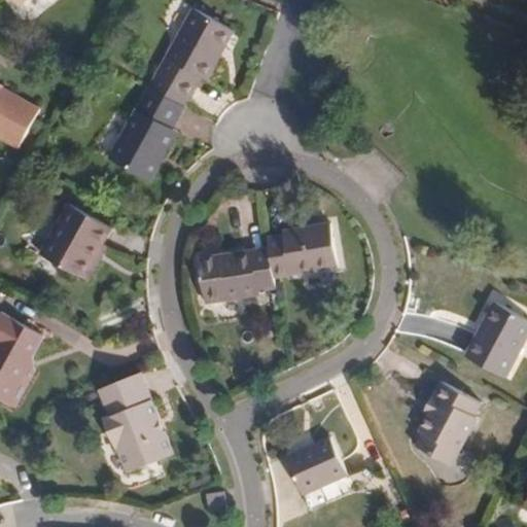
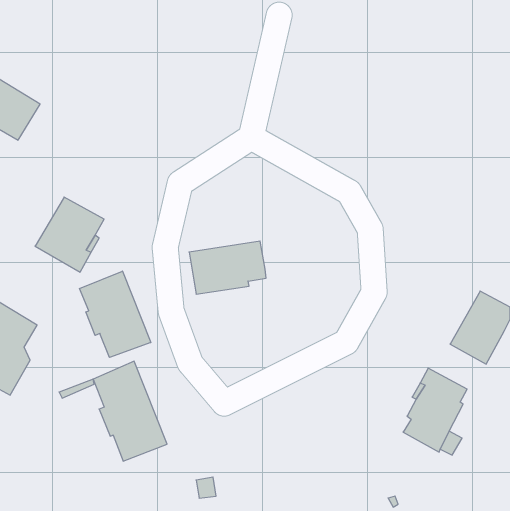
building: [109,8,235,183] -> none
building: [267,222,338,277] -> none
building: none -> [80,271,151,357]
building: [284,437,349,497] -> none

